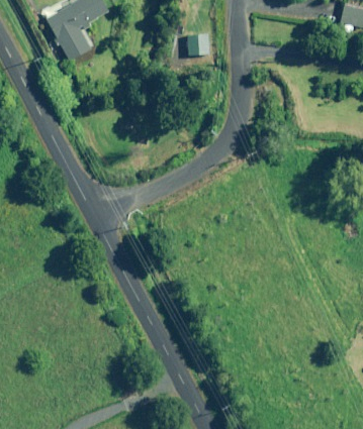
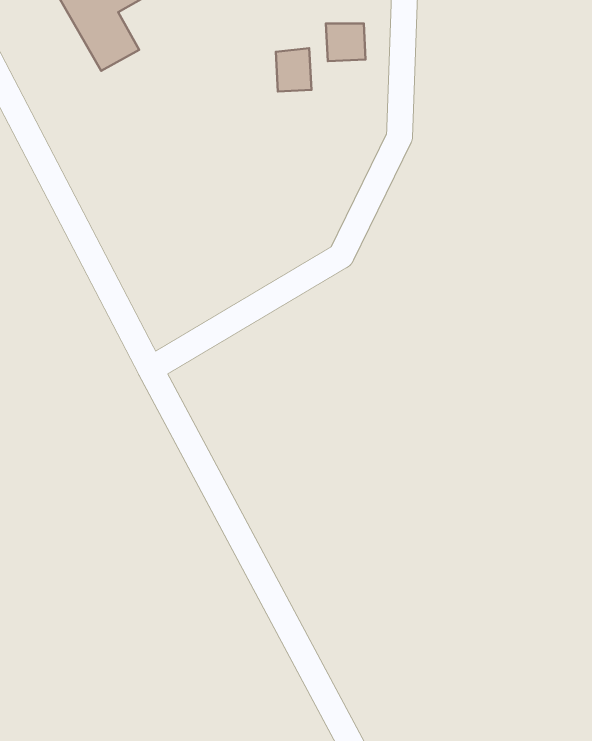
building: none -> [276,48,311,92]

